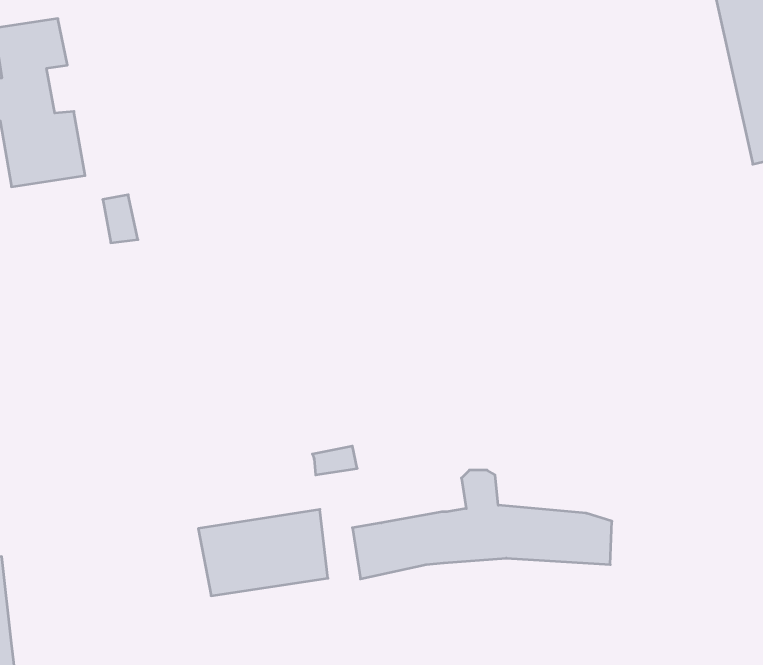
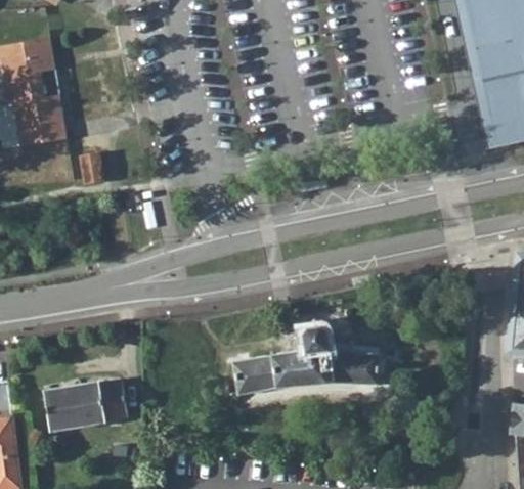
building: [198,509,328,596] -> [44,377,127,433]

